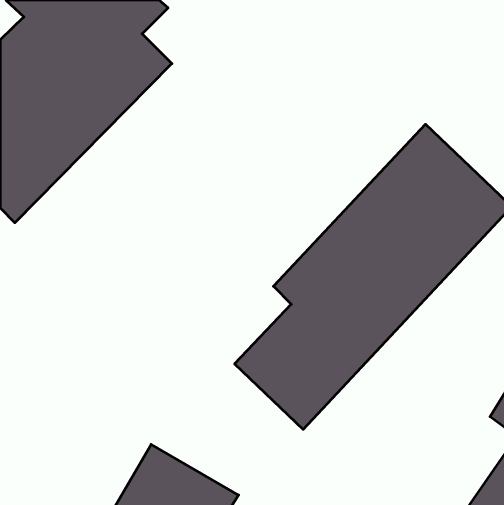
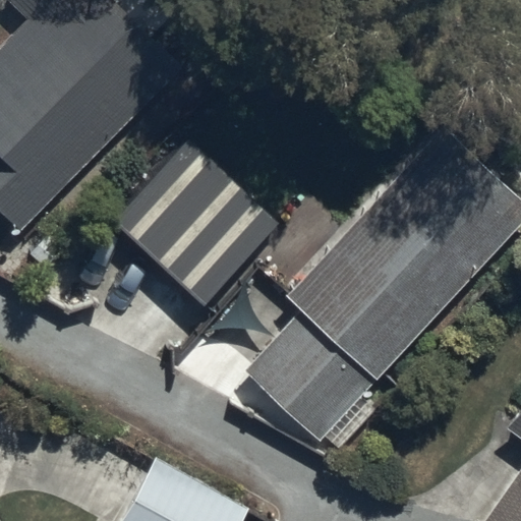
building: none -> [112,141,278,307]

